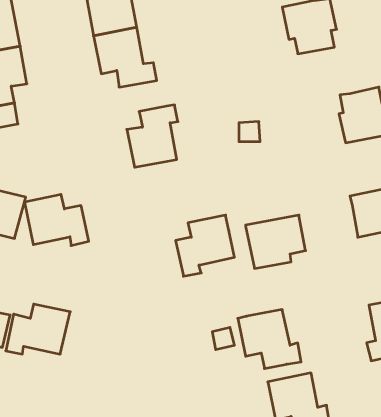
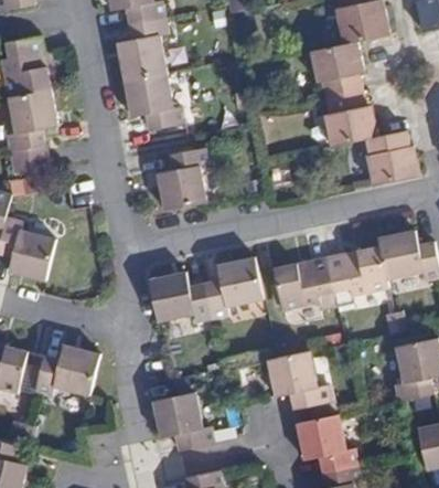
building: none -> [323,89,377,145]
building: [24,194,89,246] -> [148,270,212,321]
building: none -> [326,246,387,306]
building: none -> [152,391,214,449]

